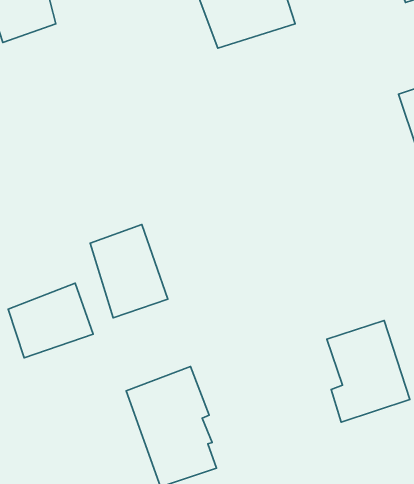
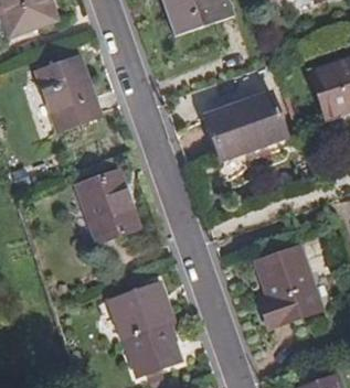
building: none -> [36,58,96,130]
building: none -> [205,95,286,160]
building: [8,283,93,358] -> none

